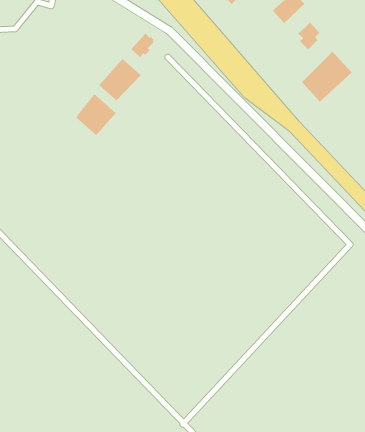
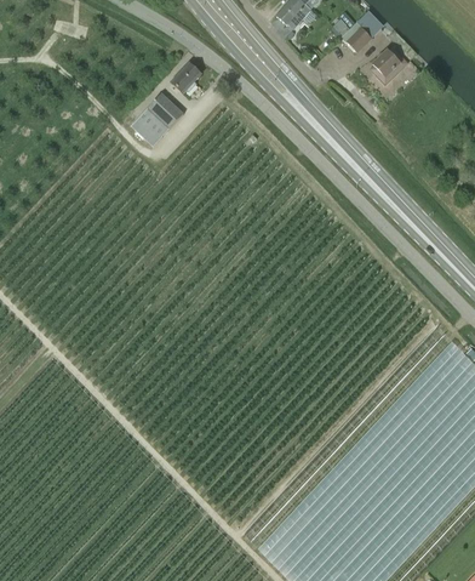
building: [301,51,352,102] -> none
building: [75,93,117,136] -> none

